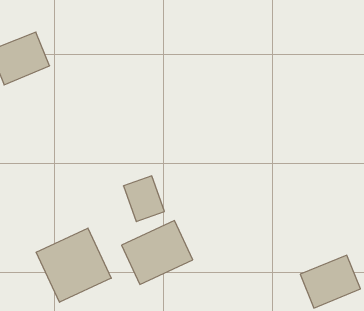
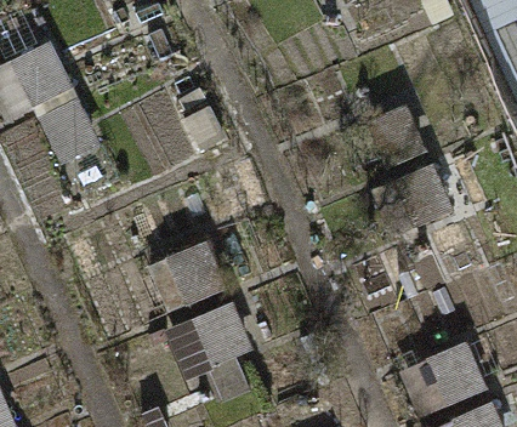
building: [36,228,111,302] -> none

